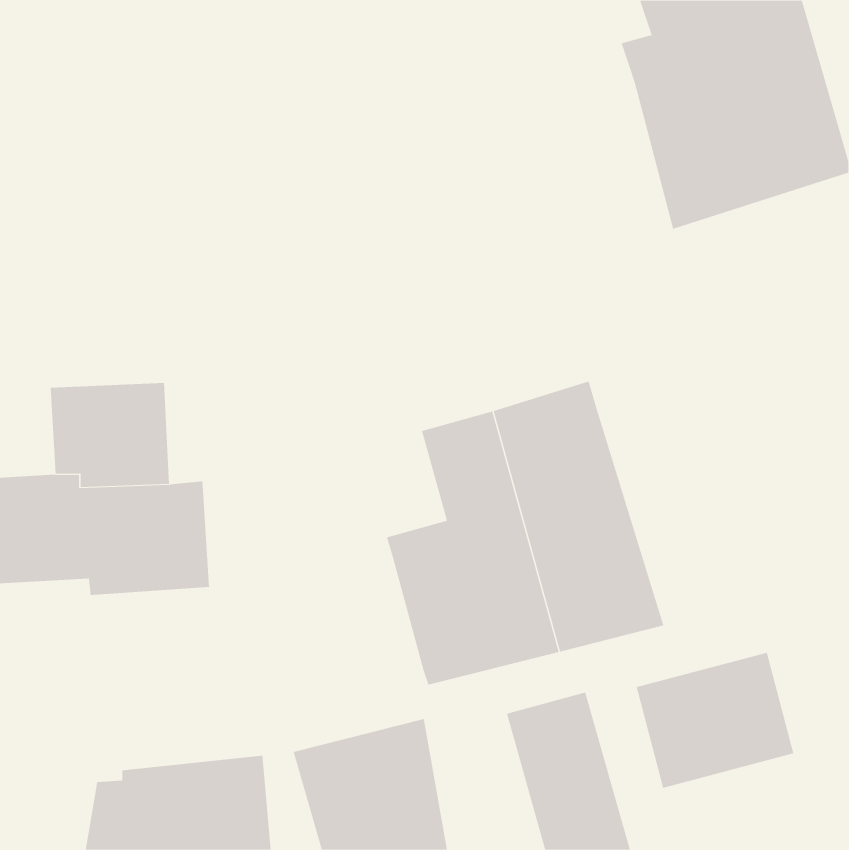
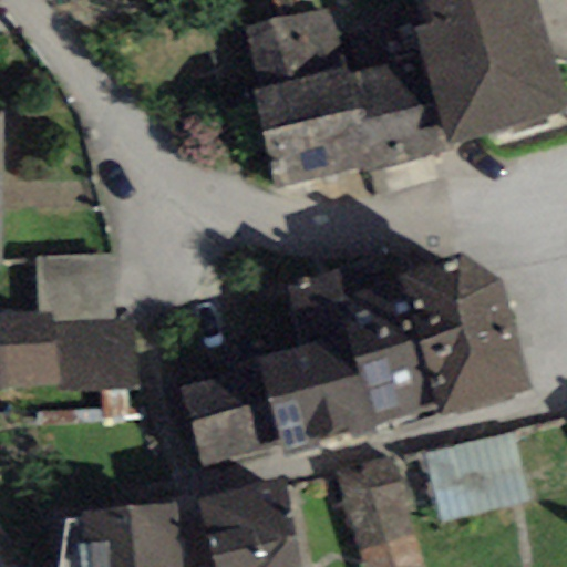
building: none -> [247,8,447,190]
building: none -> [398,255,532,416]
building: none -> [179,369,281,468]

